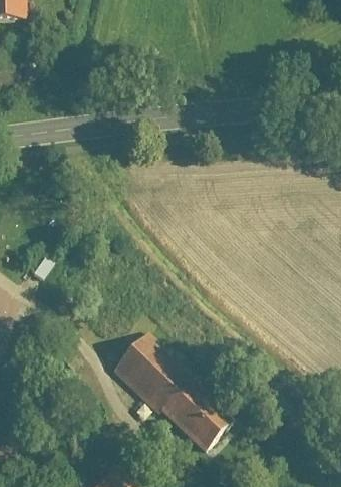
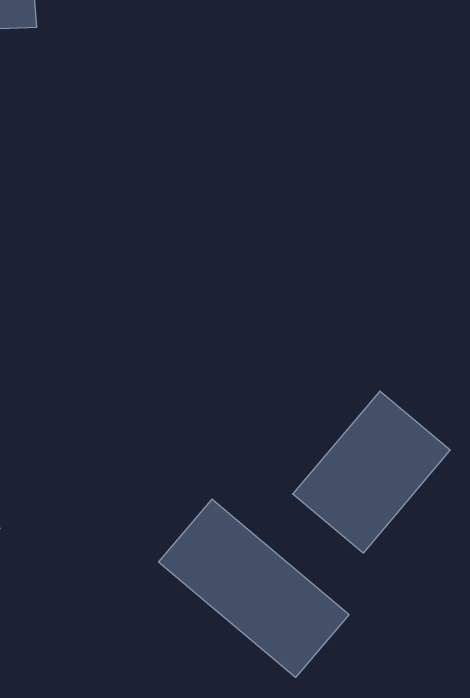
building: none -> [293,391,450,553]

